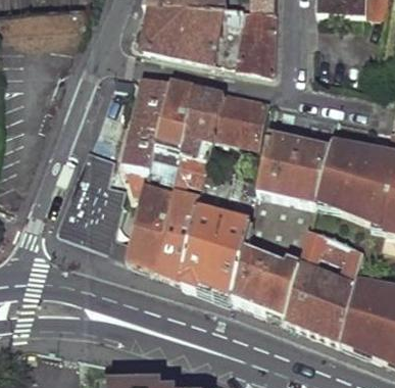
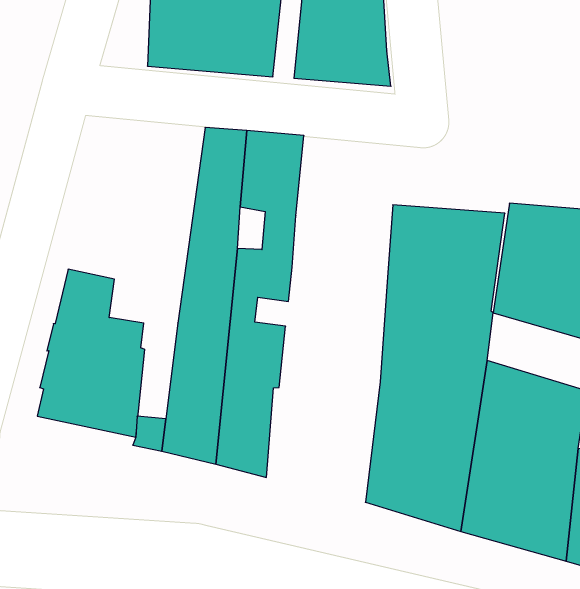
building: [122,77,170,187] -> none
building: [214,93,264,144] -> none
building: [183,163,260,295] -> none

